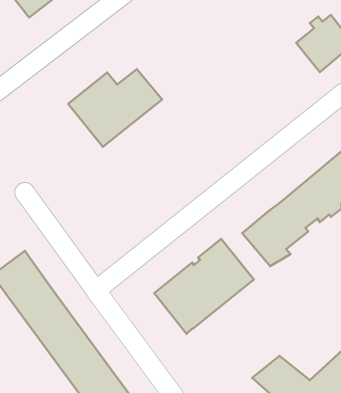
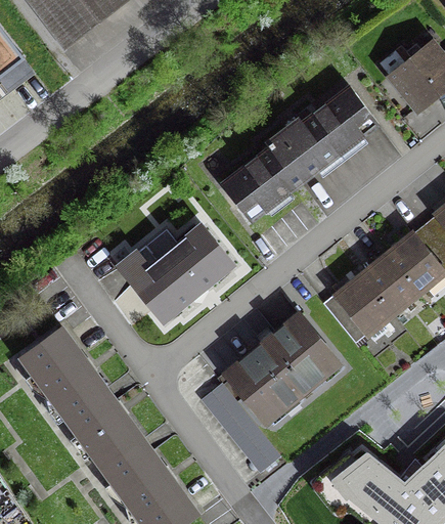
building: none -> [221,86,377,222]
building: [68,69,162,147] -> [119,226,232,320]
building: none -> [201,384,279,473]

